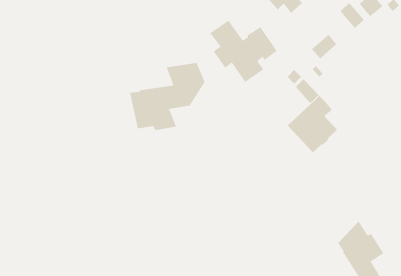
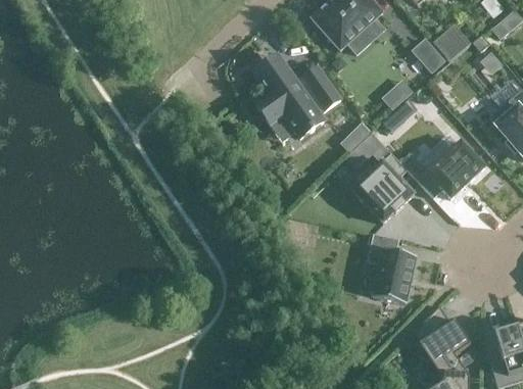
building: [129,62,205,131] -> none
building: none -> [398,141,483,198]
building: none -> [370,233,415,302]

